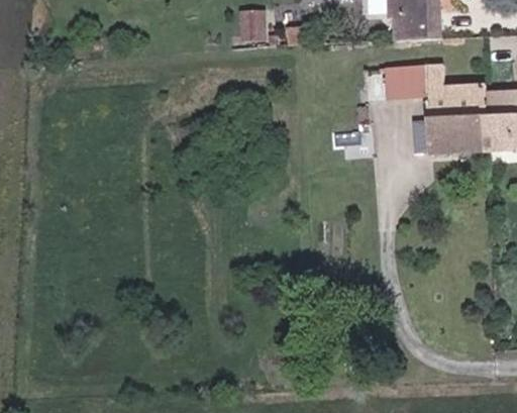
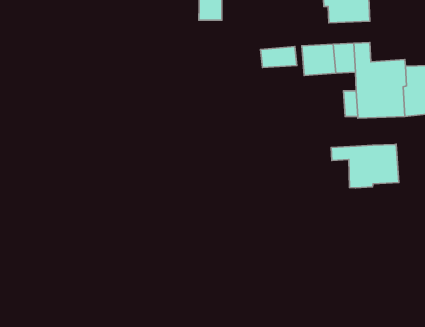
building: none -> [261,47,297,67]
building: none -> [331,144,399,188]

